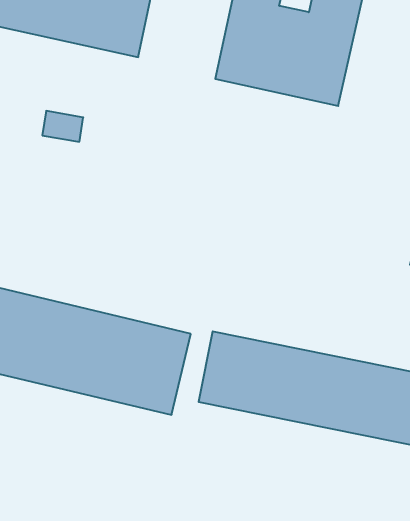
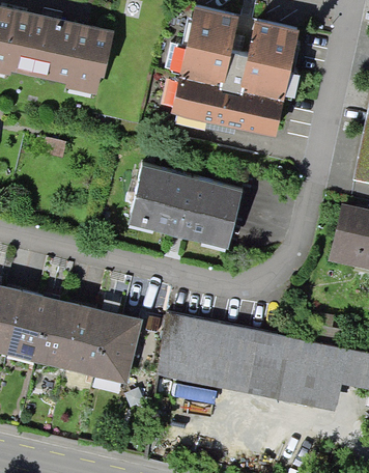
building: none -> [139,169,253,251]

